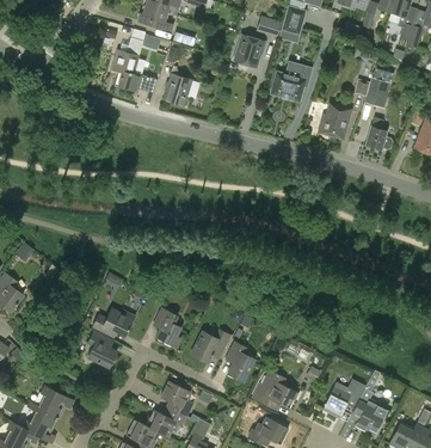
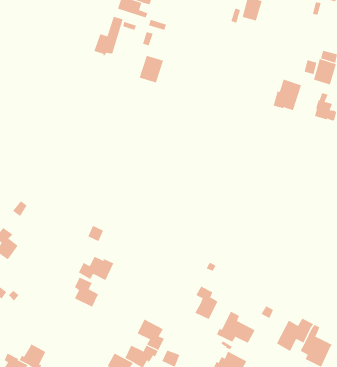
building: [234,35,265,67] -> none
building: [270,63,312,102] -> none
building: [116,72,155,92] -> none
building: [153,308,181,346] -> none
building: [190,330,230,363] -> none
building: [37,386,68,418] -> none

